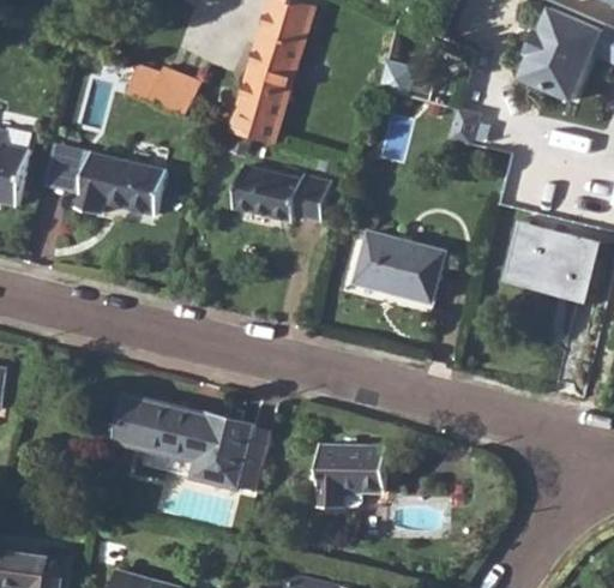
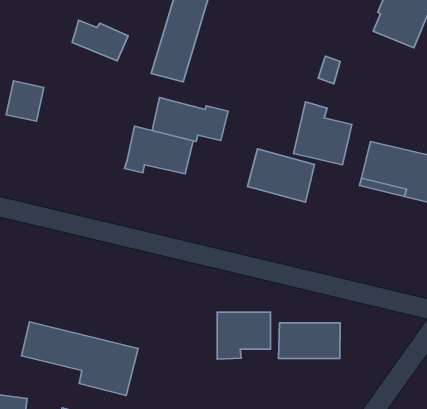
building: [76,151,165,214] -> [124,126,193,174]
building: none -> [294,102,352,165]
building: [116,396,269,492] -> [21,322,138,395]
building: none -> [279,323,340,358]

